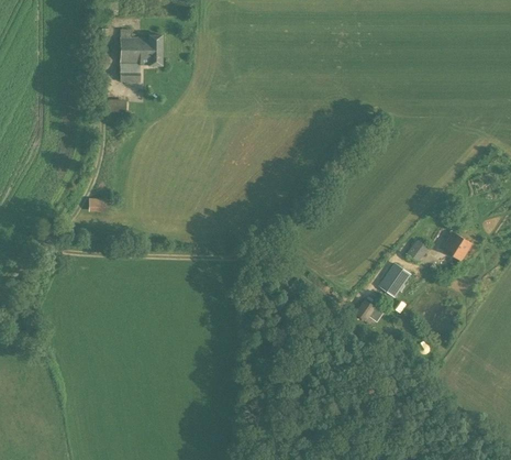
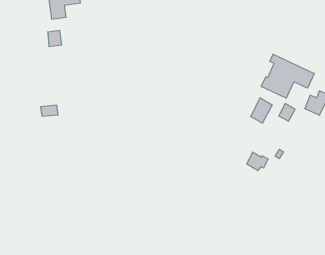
building: none -> [261,54,314,98]
building: [379,263,410,297] -> [251,98,272,123]

